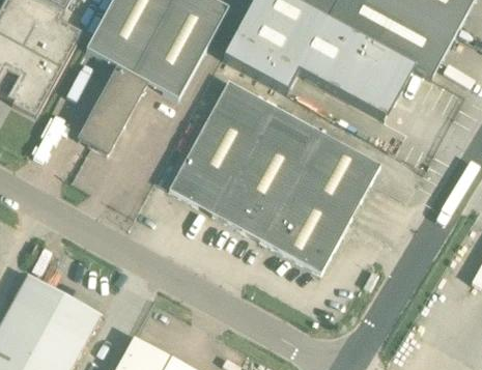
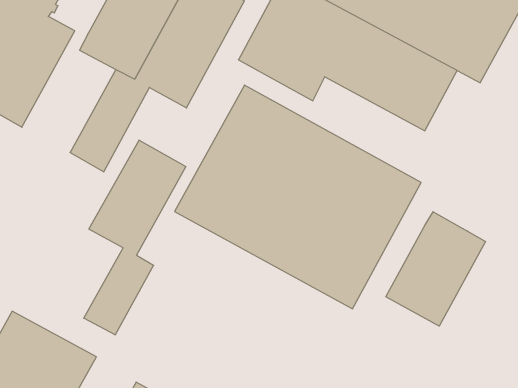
building: none -> [84,140,186,335]
building: none -> [386,212,486,326]

